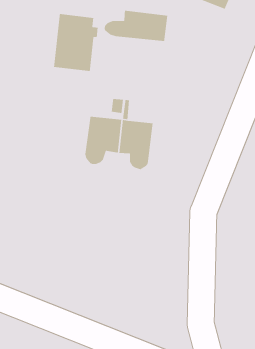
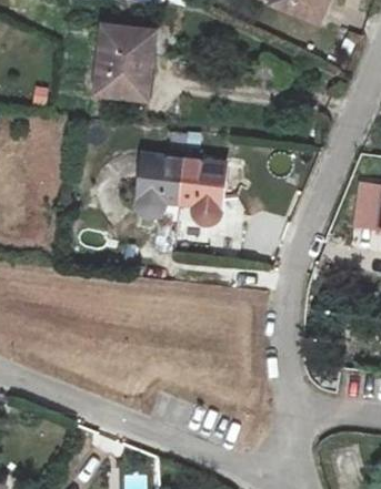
building: [104,10,168,42] -> none

